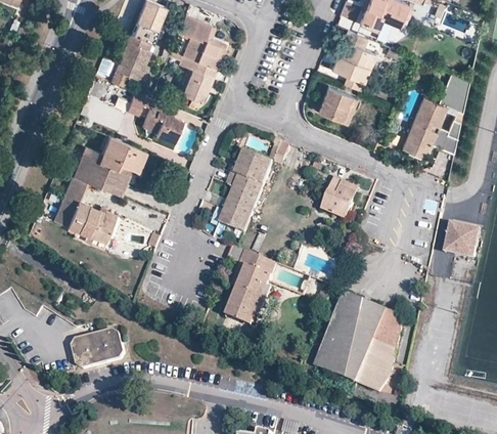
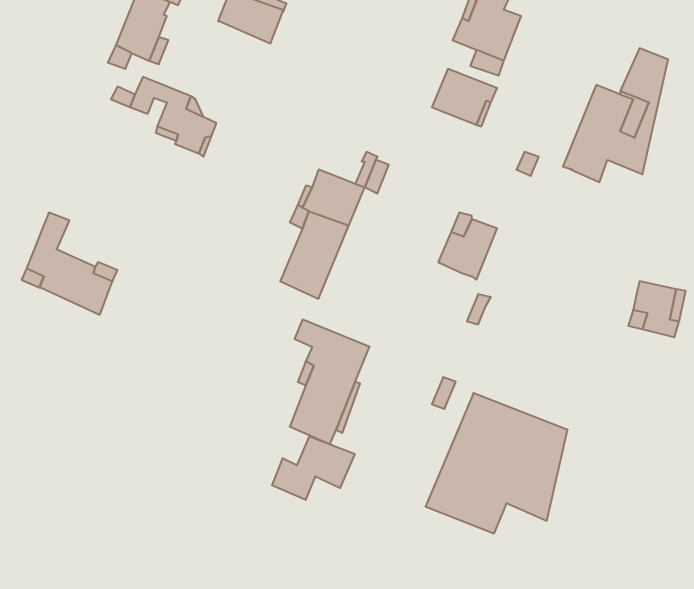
building: [178,54,215,103] -> none
building: [73,135,144,196] -> none
building: none -> [272,436,355,500]
building: [73,330,125,368] -> none
building: [358,363,392,392] -> none

